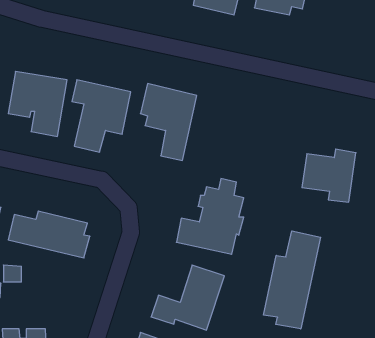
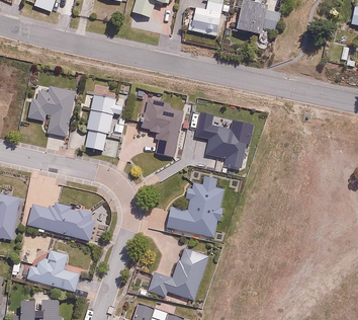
building: [302,149,356,202] -> [203,124,249,168]
building: [264,231,321,329] -> none
building: none -> [30,249,80,292]

